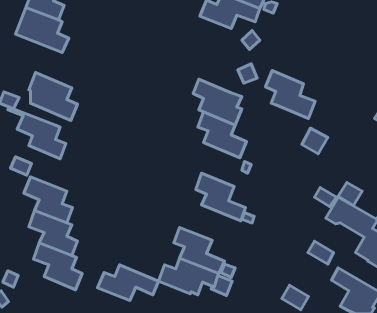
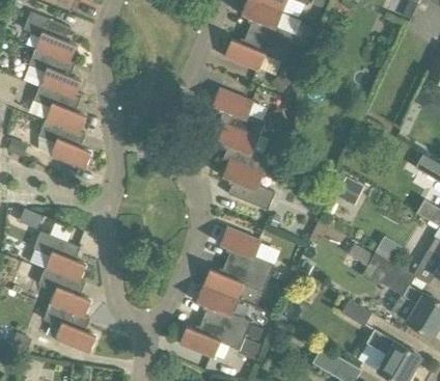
building: [265,70,315,118] -> [212,88,266,140]
building: [8,107,66,159] -> [23,77,86,133]
building: [98,265,159,300] -> [202,262,269,300]

